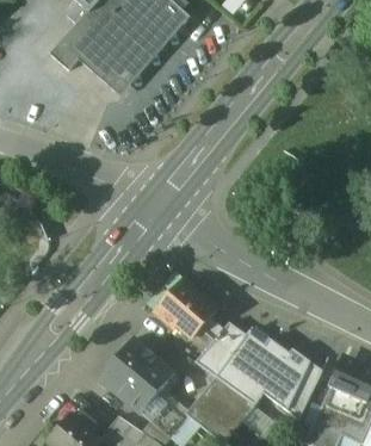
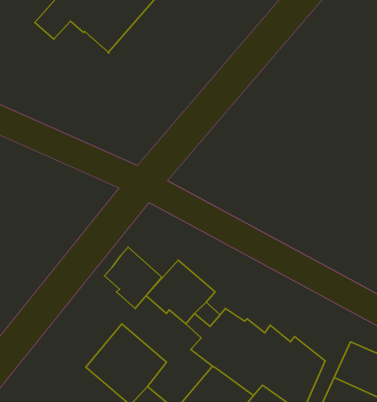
building: none -> [104,247,162,308]

